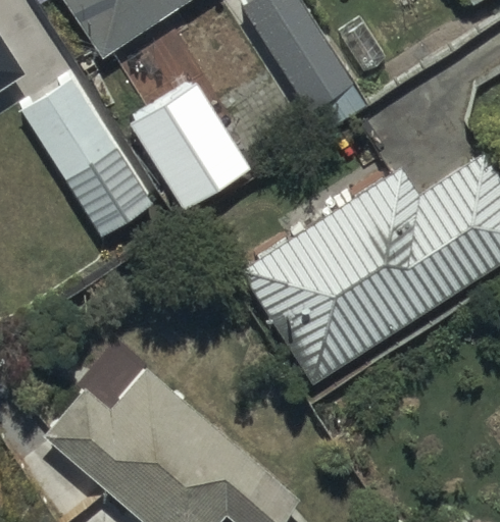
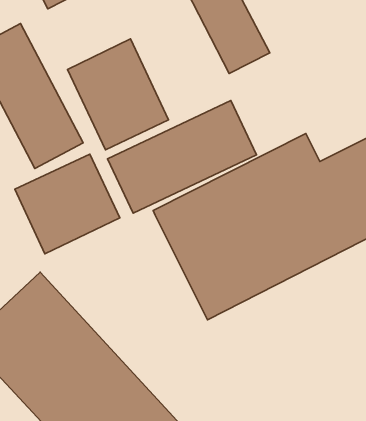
building: none -> [107,100,257,213]
building: none -> [15,154,120,254]

